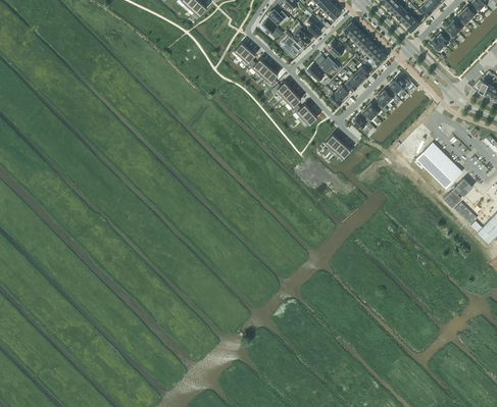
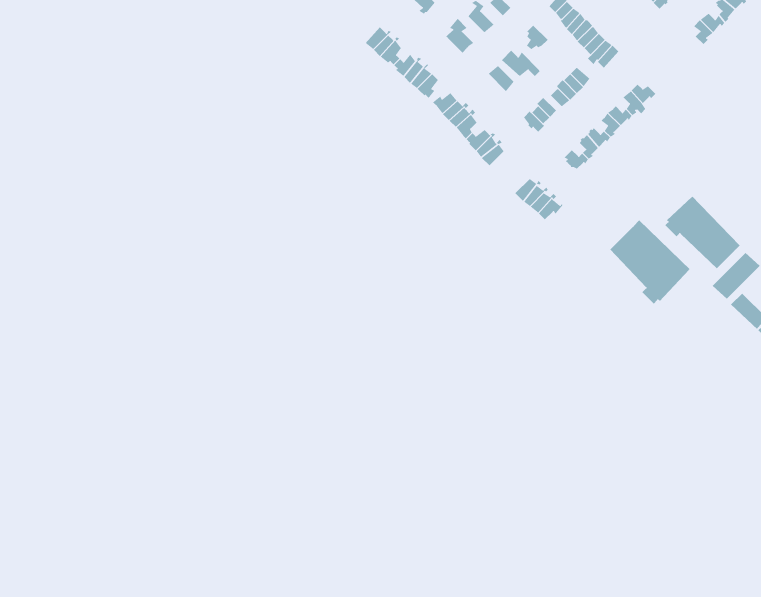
building: none -> [609,220,692,304]

